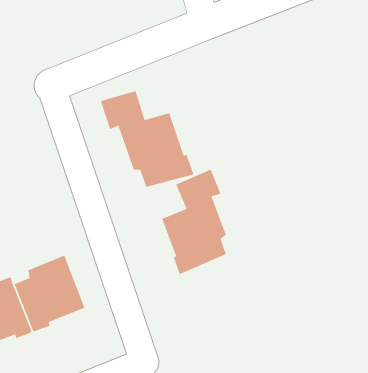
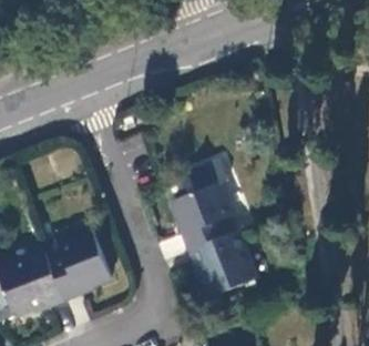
building: [100,90,194,188] -> none
building: none -> [191,230,256,295]

